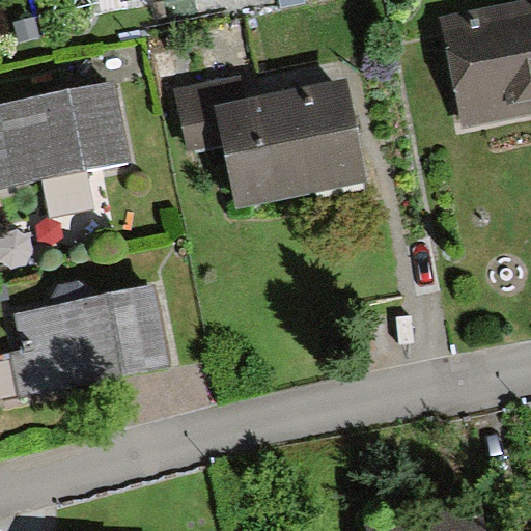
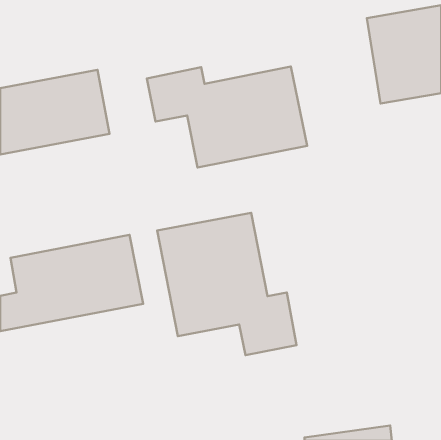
building: none -> [157,213,297,355]

